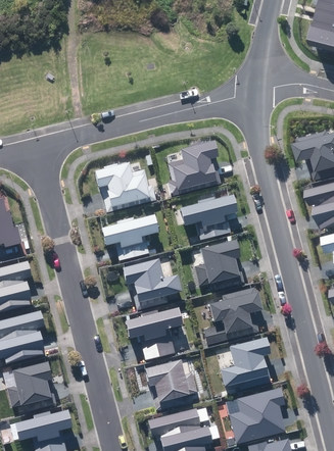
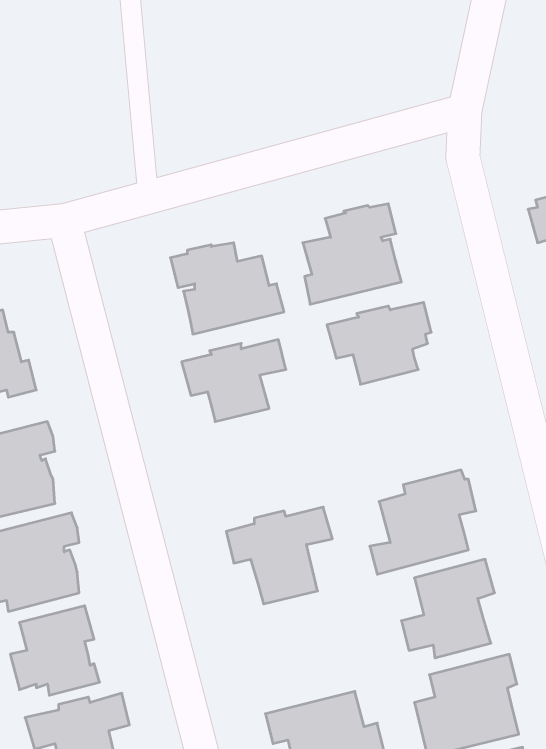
building: [193,240,244,289] -> none
building: [122,258,182,309] -> none
building: [144,359,196,411] -> none

